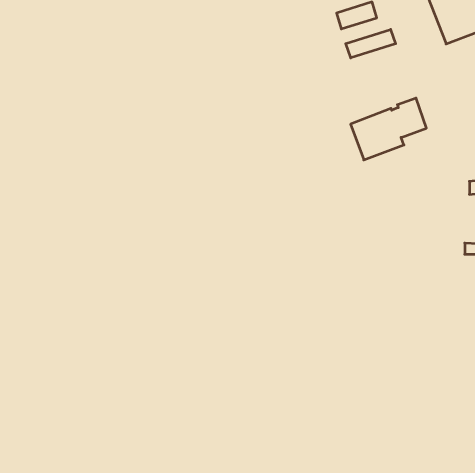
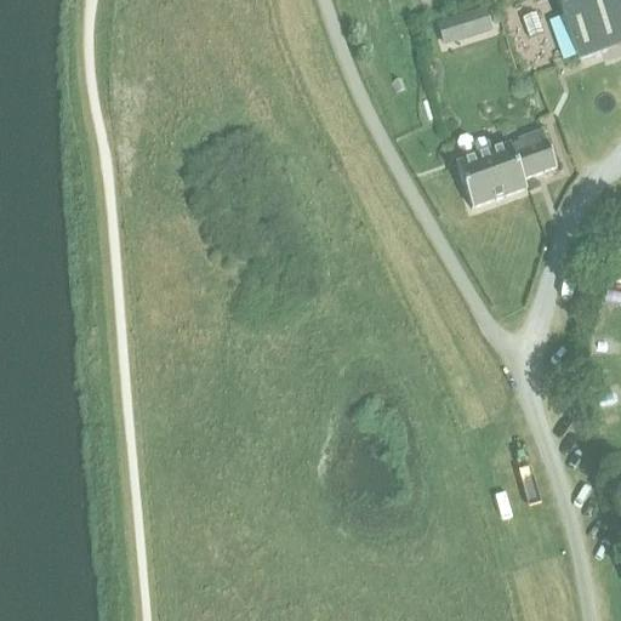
building: [346,29,396,58] -> none

